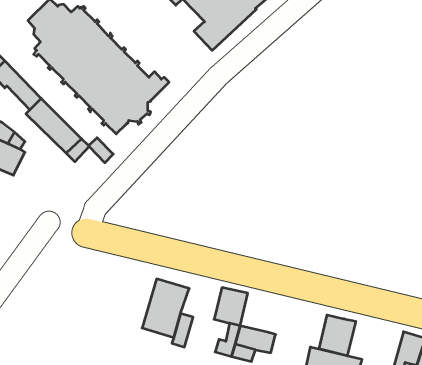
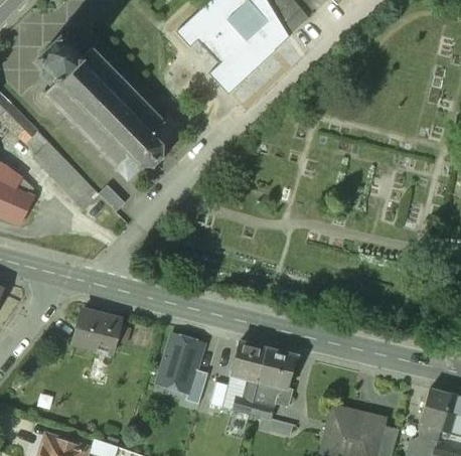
building: none -> [73,309,120,349]
building: none -> [258,347,297,389]
building: [319,315,356,356] -> none

